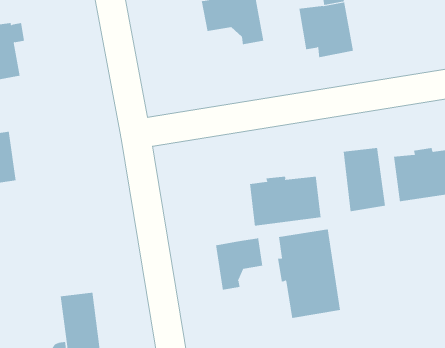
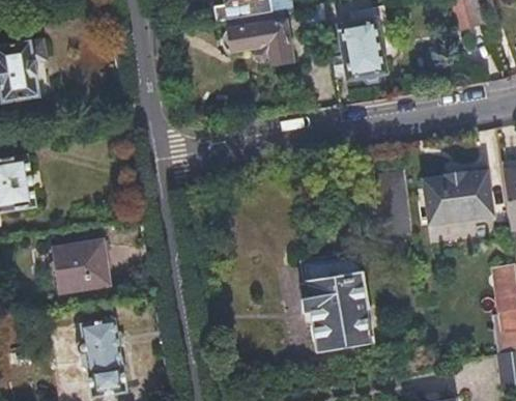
building: [249,176,321,227] -> none
building: none -> [53,241,108,292]
building: [215,237,263,290] -> none

